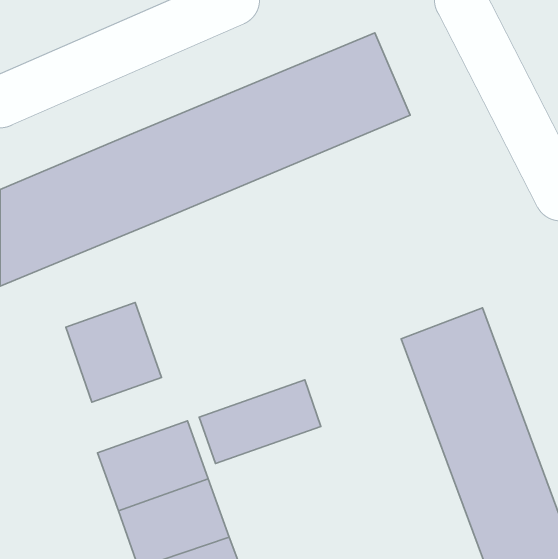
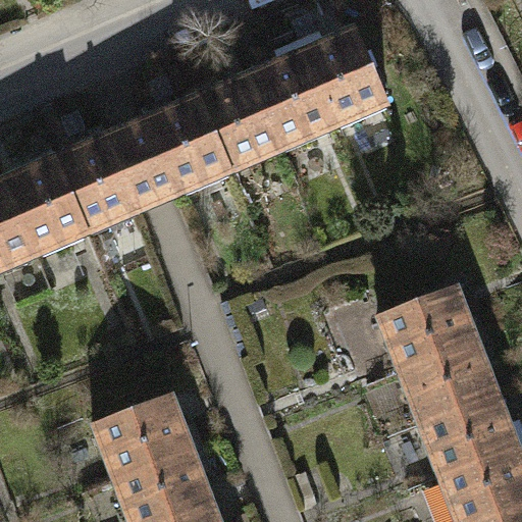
building: [66,303,161,402] -> none
building: [199,380,321,464] -> none

